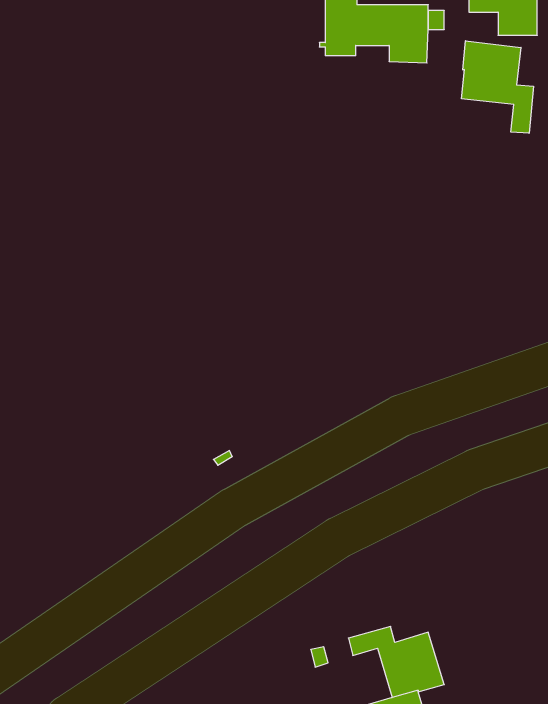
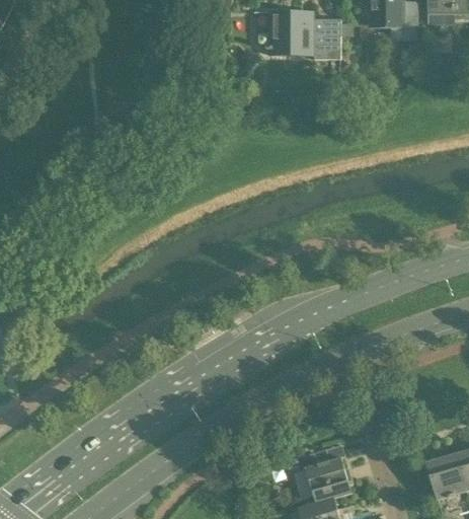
building: [462,41,533,133] -> none

